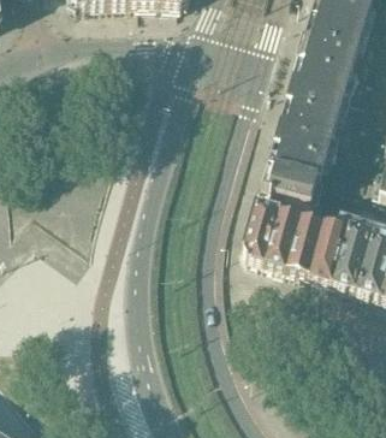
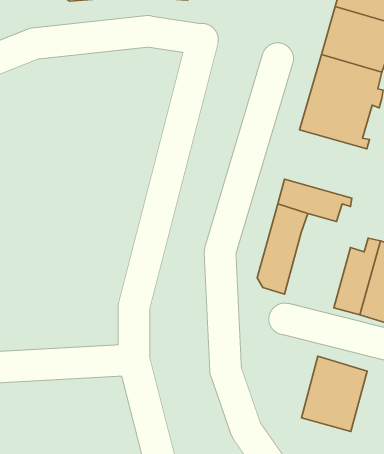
building: [267,117,339,177] -> none
building: [267,207,325,273] -> [301,356,367,432]

